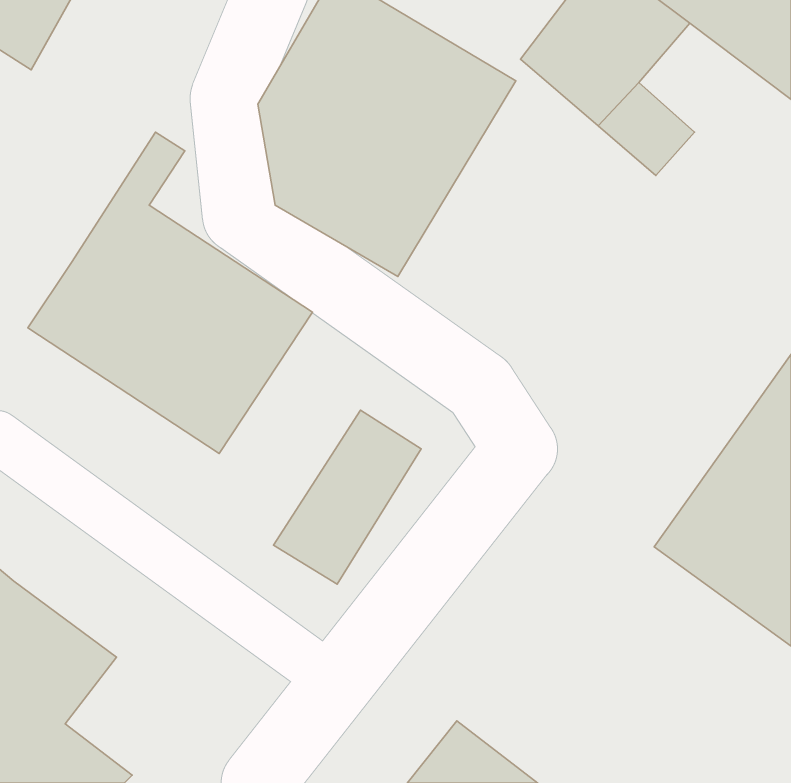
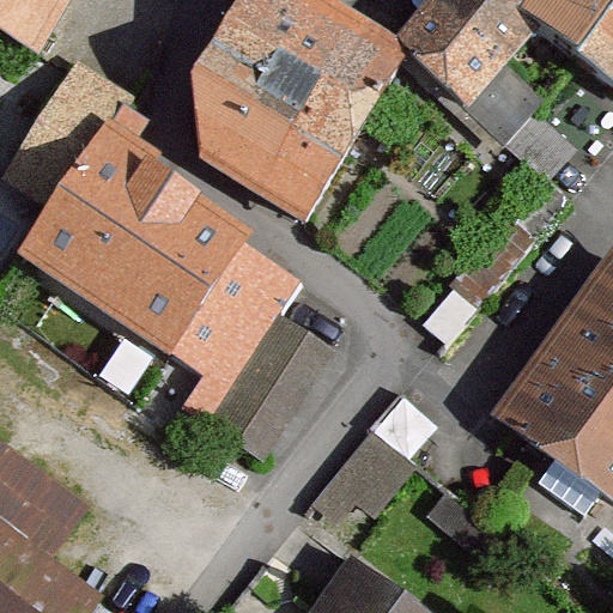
building: none -> [7,63,125,202]
building: none -> [169,241,302,420]
building: none -> [316,431,412,530]

